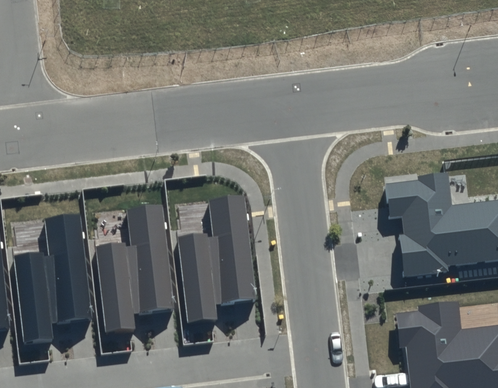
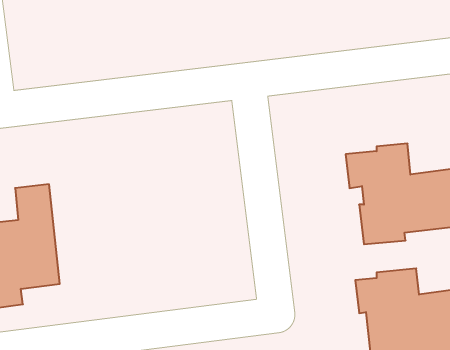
building: [177,198,255,325] -> none
building: [96,206,174,333] -> none

